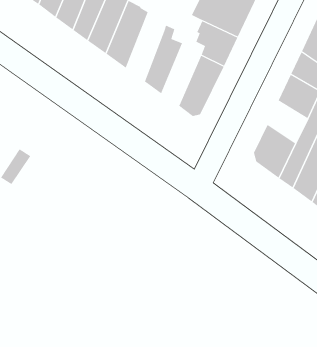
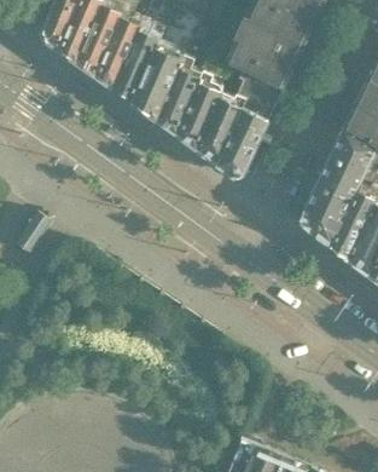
building: none -> [157,58,199,137]
building: none -> [197,92,245,165]
building: none -> [316,159,362,207]

